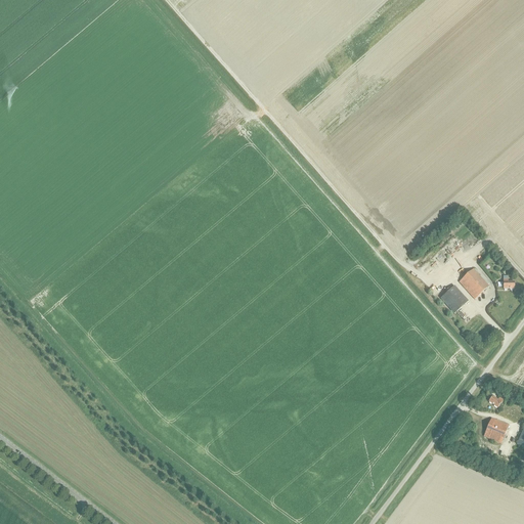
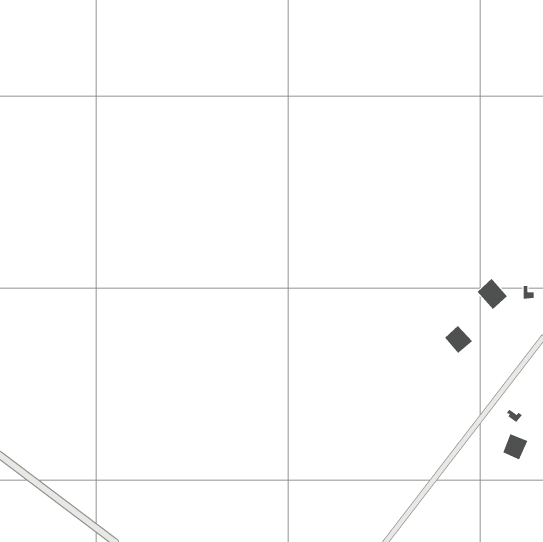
building: [440,285,468,312] -> [444,325,473,354]

